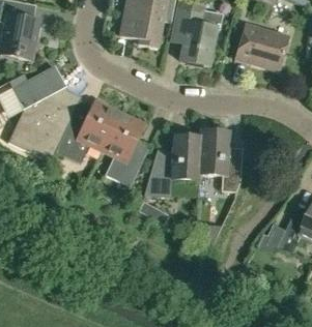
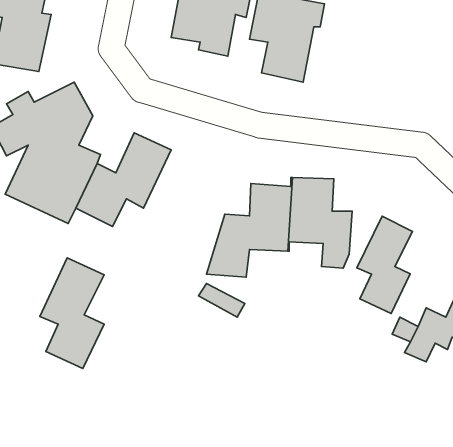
building: [235,23,290,69] -> none
building: [102,111,145,185] -> [40,258,104,369]
building: none -> [357,216,412,314]

